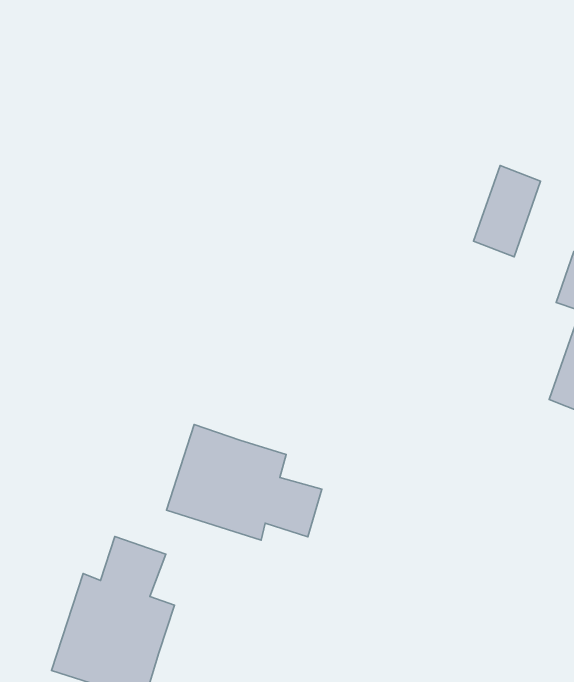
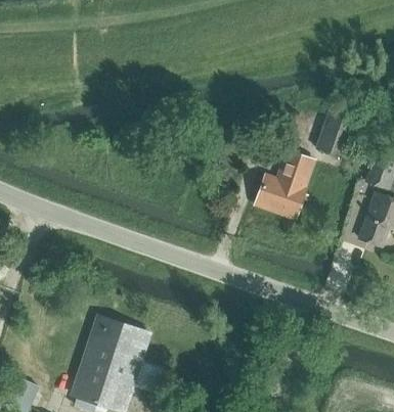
building: none -> [253,148,315,218]
building: [167,424,322,540] -> none

